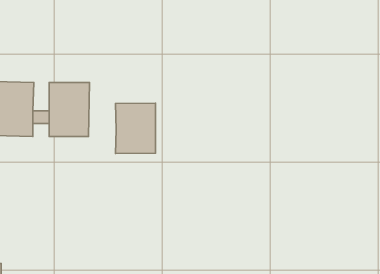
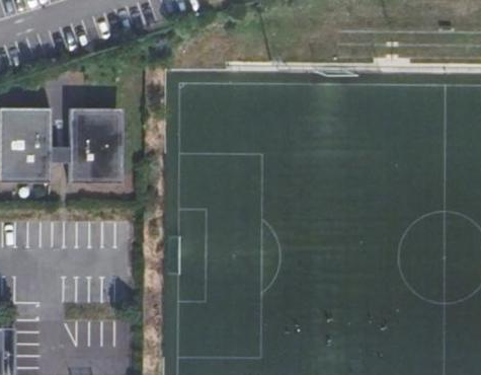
building: [116,103,156,153] -> none

